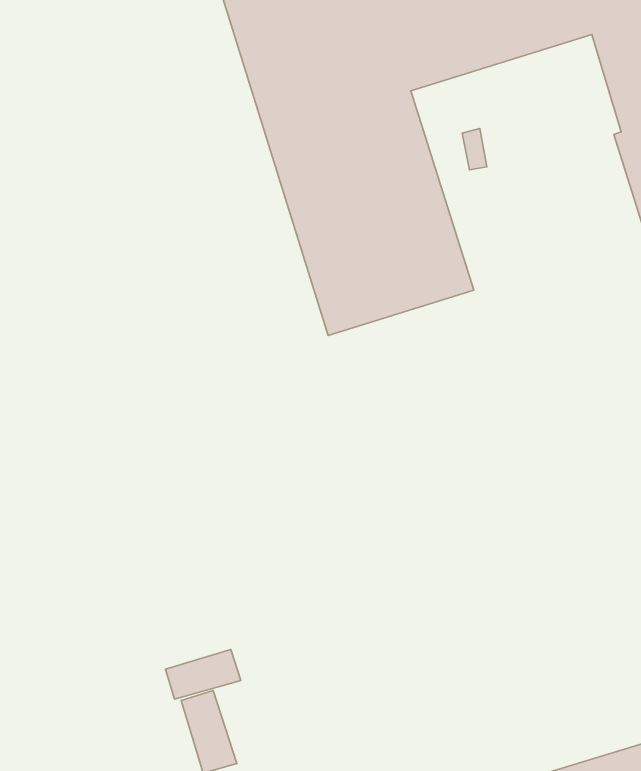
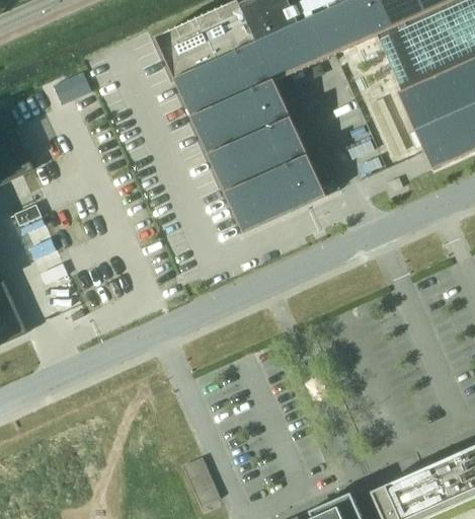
building: none -> [53,72,90,104]
building: [166,649,241,699] -> none

